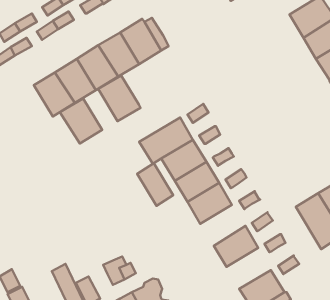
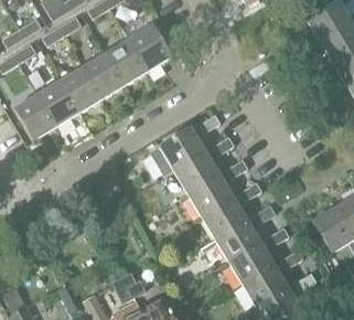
building: [98,76,141,121] -> none
building: [60,98,102,144] -> [15,93,60,140]
building: [137,163,173,206] -> none
building: none -> [214,218,261,262]
building: none -> [242,264,288,307]

